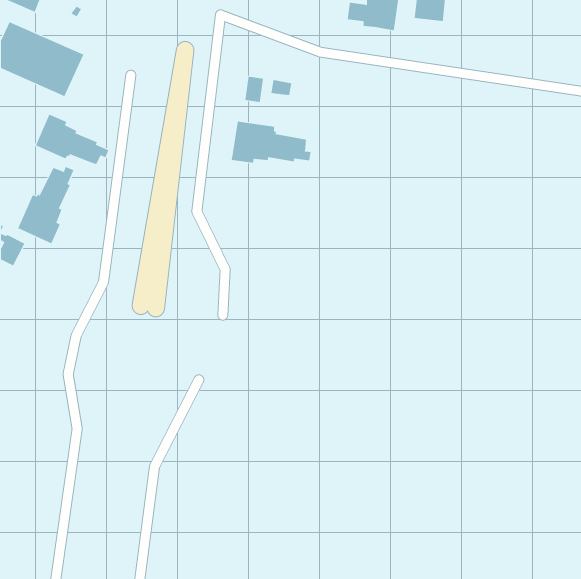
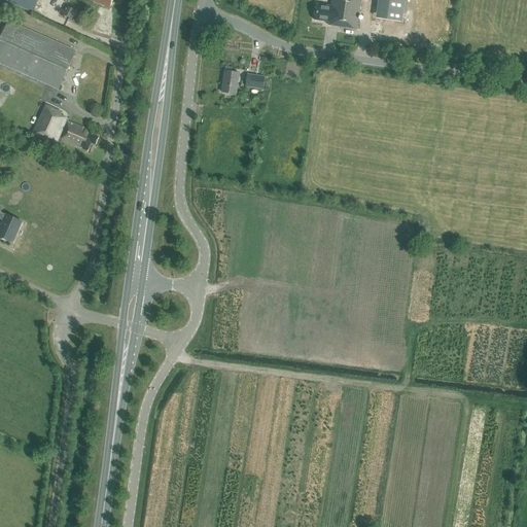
building: [231,121,311,164] -> none
building: [18,166,74,244] -> none

